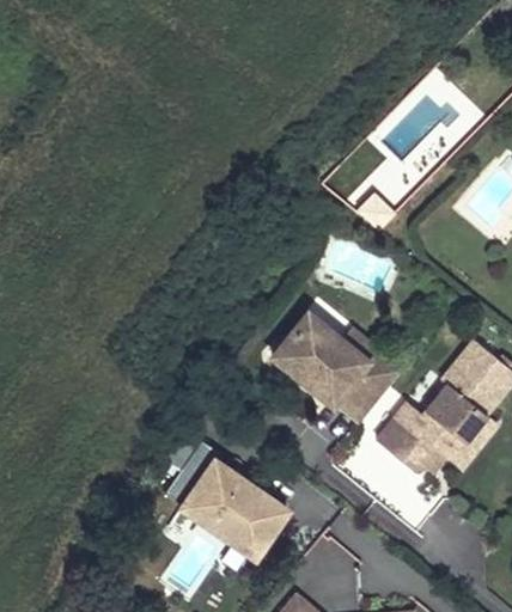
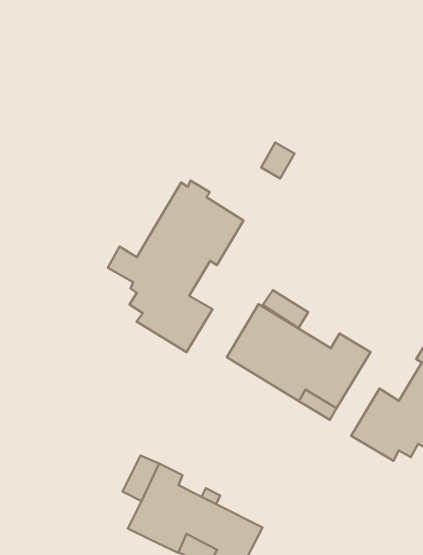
building: none -> [108,181,244,352]

